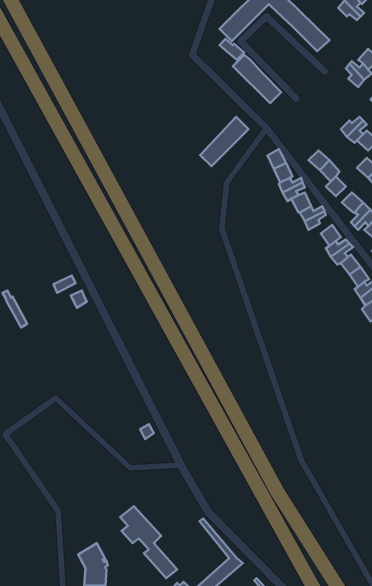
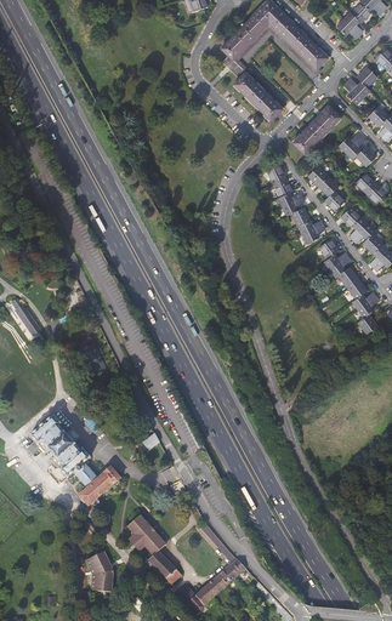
building: [200,117,249,166] -> [294,104,341,153]
building: none -> [29,414,120,506]

